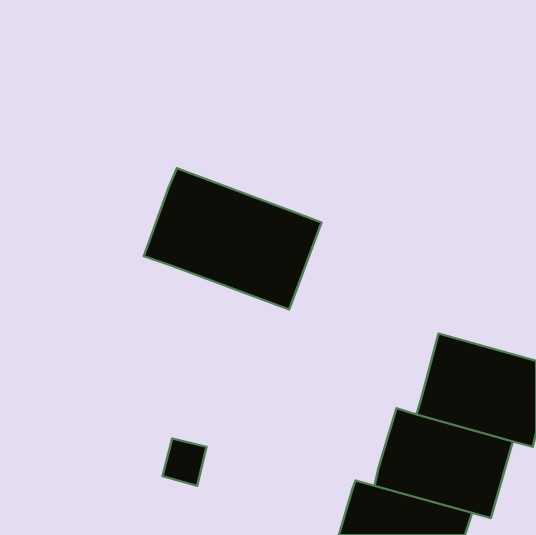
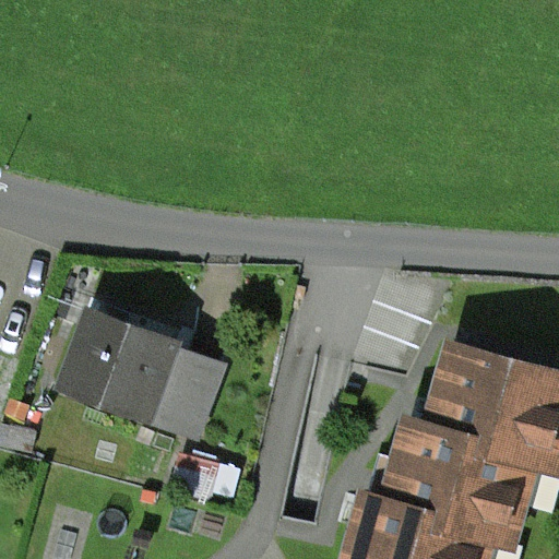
building: [144,168,321,310] -> none
building: none -> [68,313,219,432]

